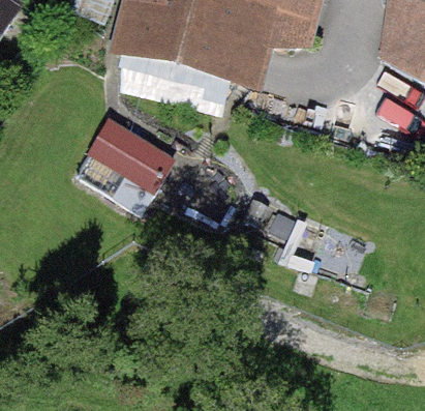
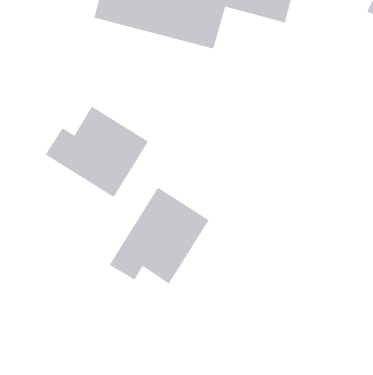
building: none -> [109,187,209,284]

